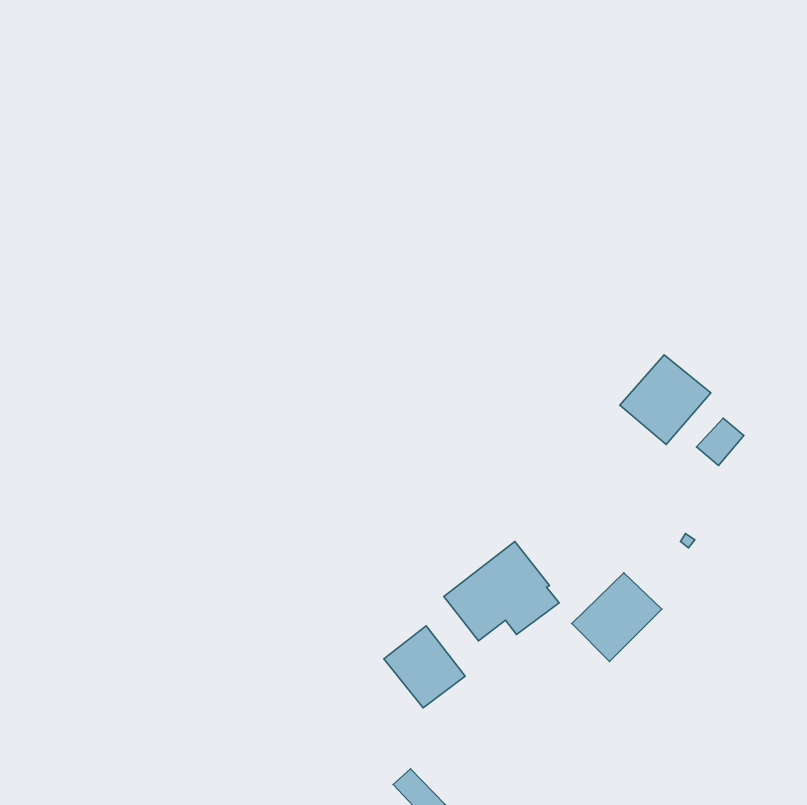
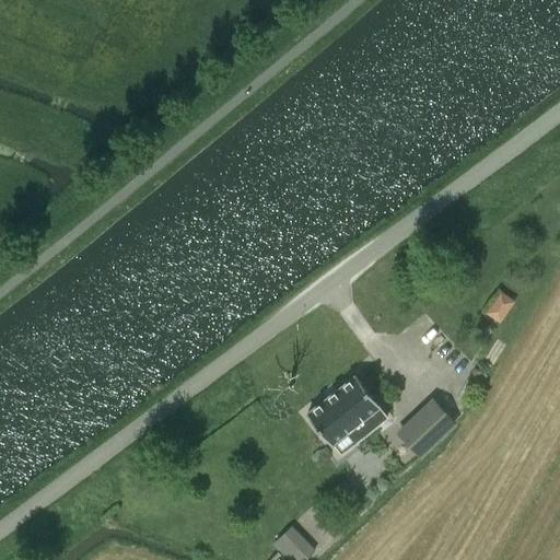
building: [620,355,711,445] -> none
building: [384,626,465,708] -> none

